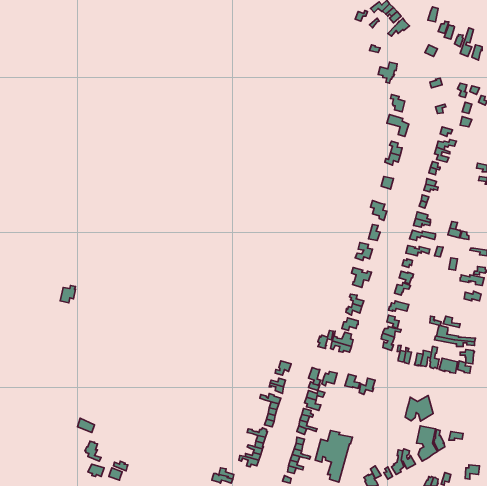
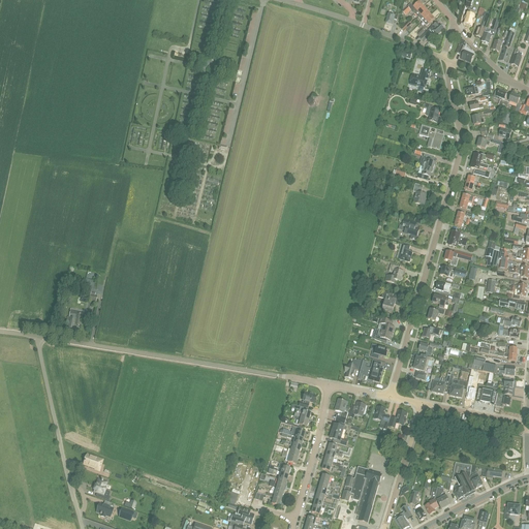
building: [405,396,433,421] -> none

